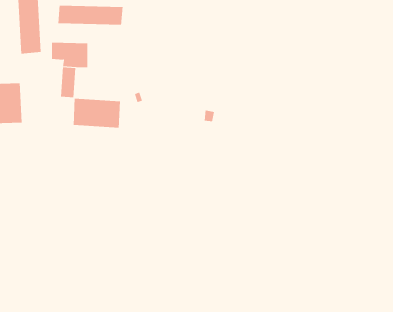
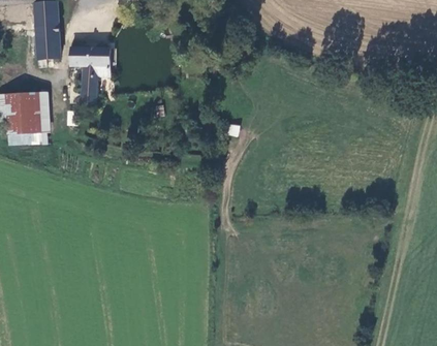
building: [58,5,123,26] -> none
building: [73,98,121,129] -> none

